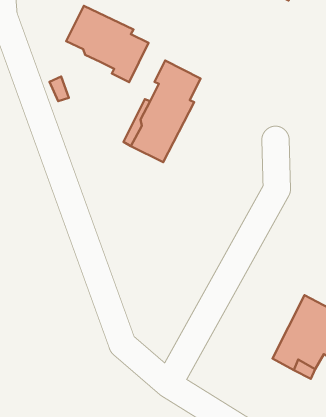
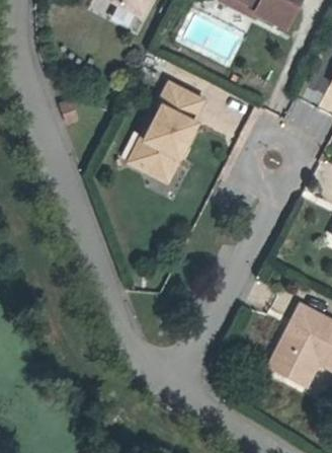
building: [66,6,148,82] -> none

